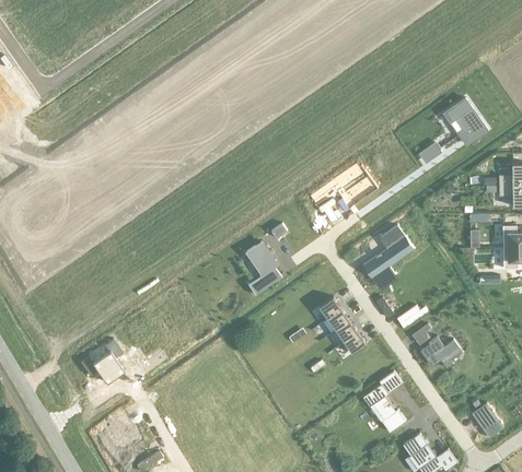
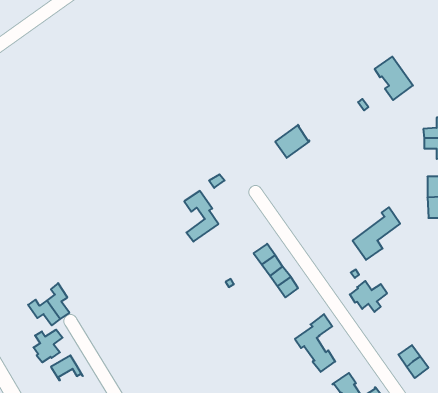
building: [361,231,411,286] -> [353,207,400,260]
building: none -> [33,330,63,362]

